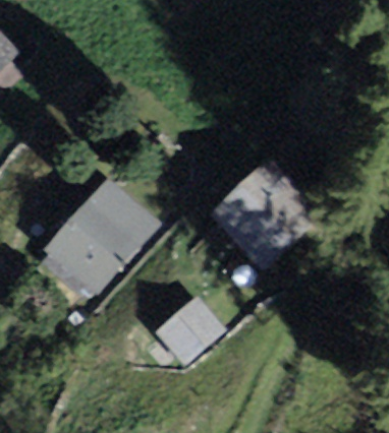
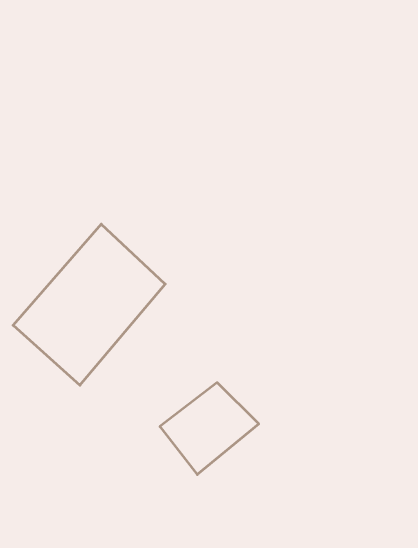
building: [210,158,318,272] -> none

